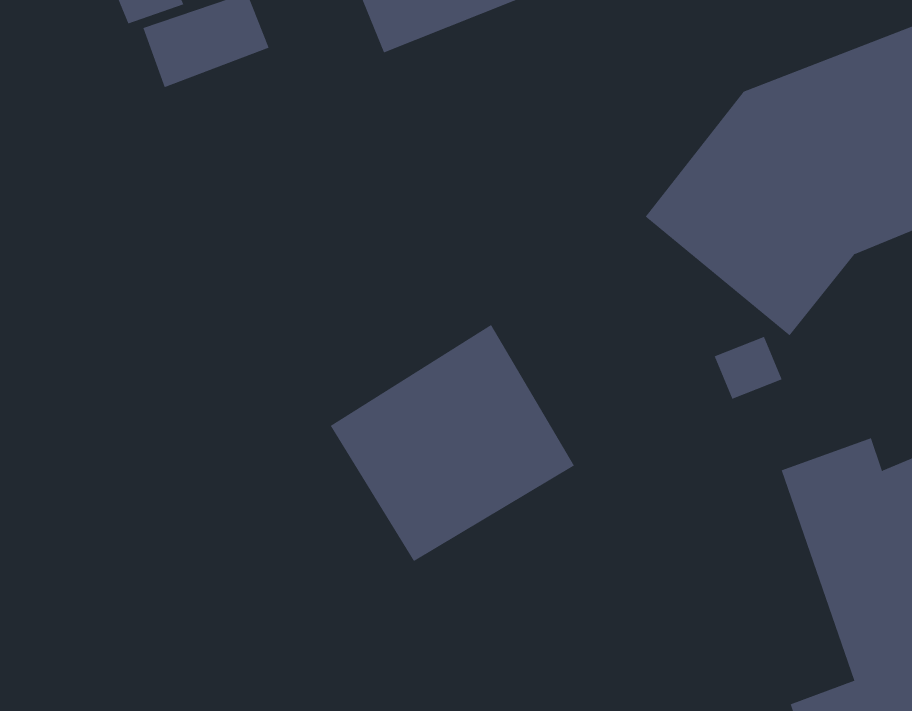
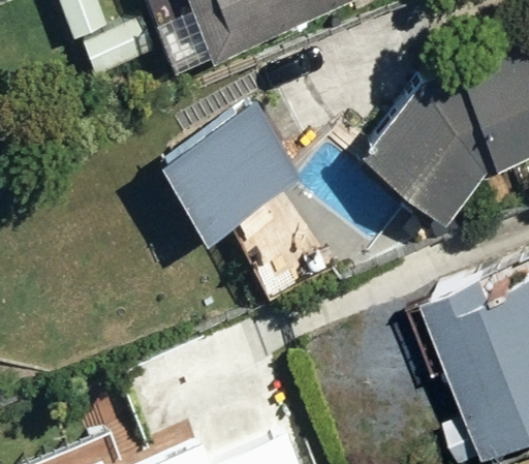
building: [330,324,575,562] -> [164,99,304,235]

